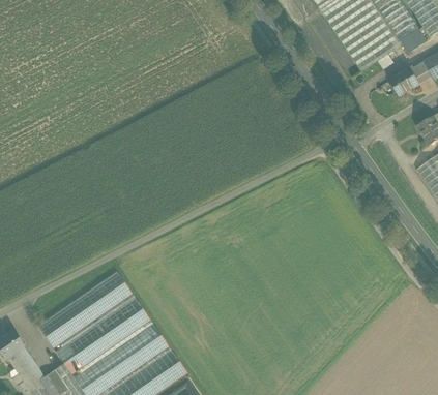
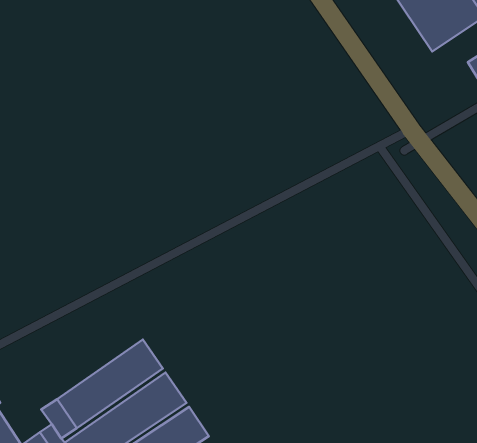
building: [36,270,133,348] -> none

